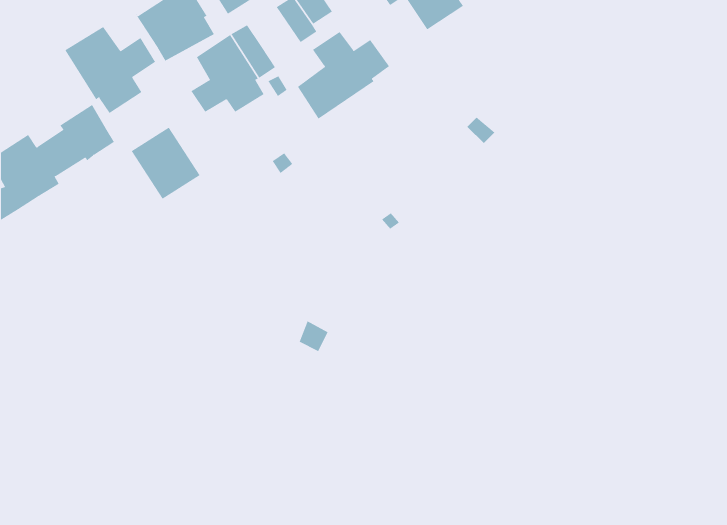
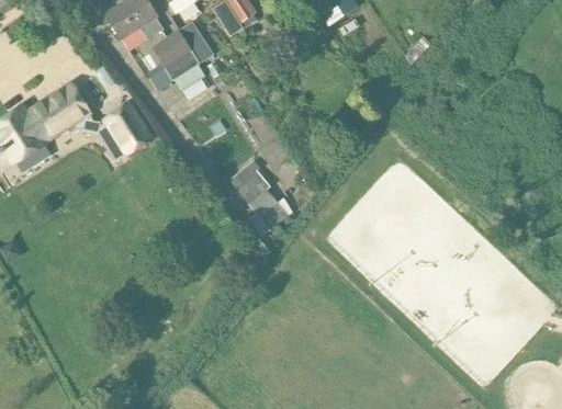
building: [64,26,156,114] -> none
building: [297,31,390,119] -> none
building: none -> [229,159,292,235]

